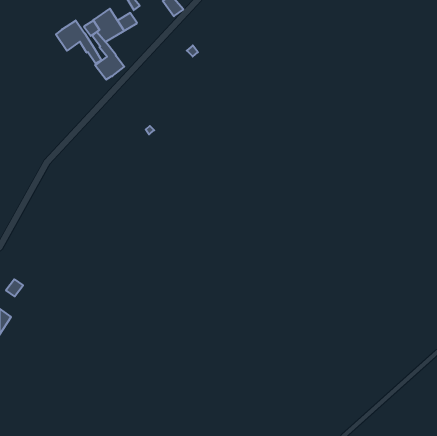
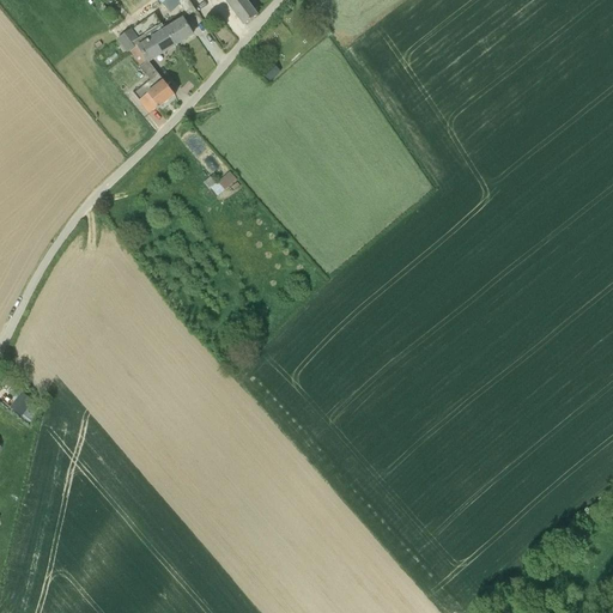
building: [56,20,101,63] -> none

